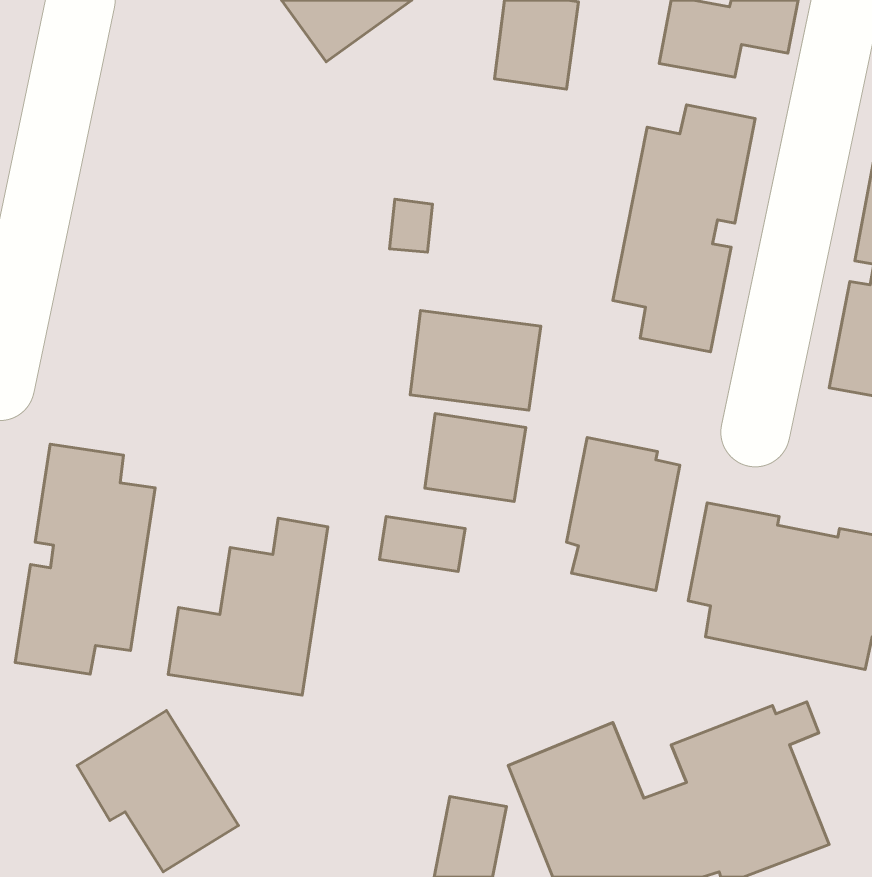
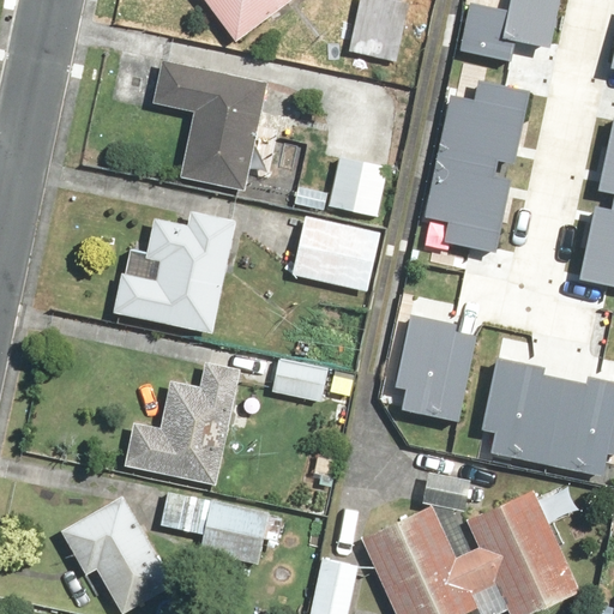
building: none -> [155,65,264,192]
building: none -> [330,161,384,216]
building: none -> [112,212,231,333]
building: [425,414,526,502] -> none
building: [15,444,155,674] -> none
building: none -> [158,492,285,567]

